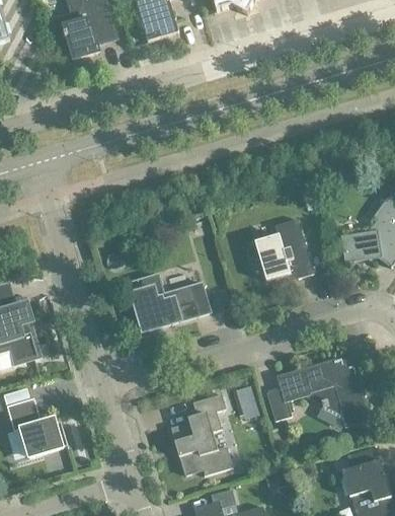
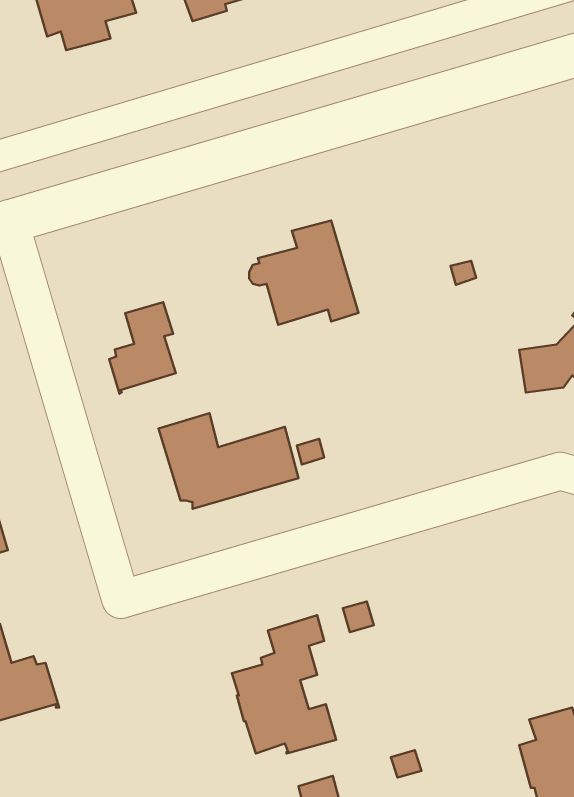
building: none -> [109,302,176,394]
building: [249,219,314,281] -> [249,220,359,325]
building: [266,359,369,425] -> none

